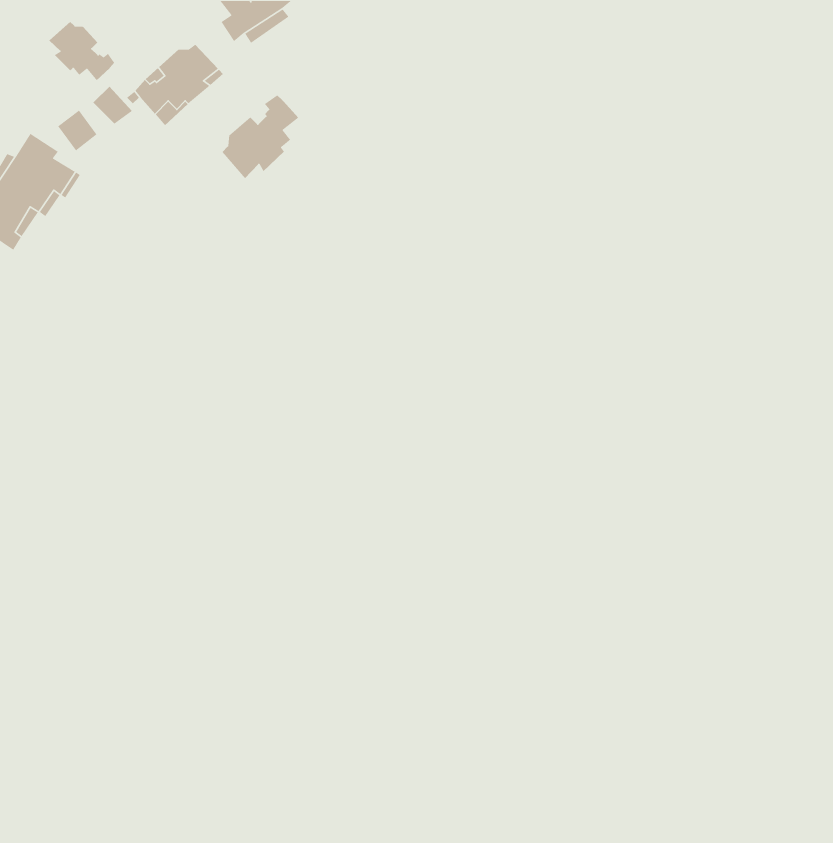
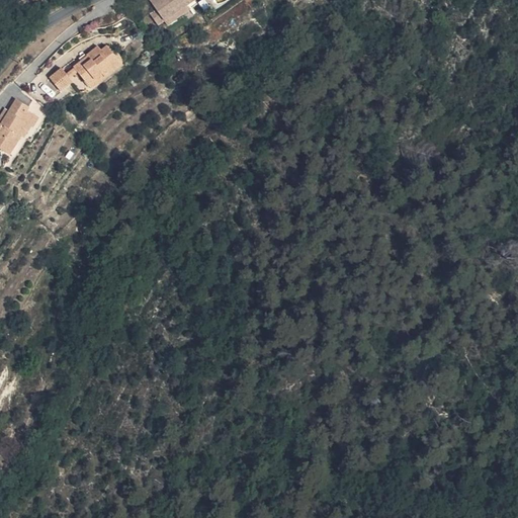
building: [49,21,115,81] -> none
building: [221,94,299,179] -> none

